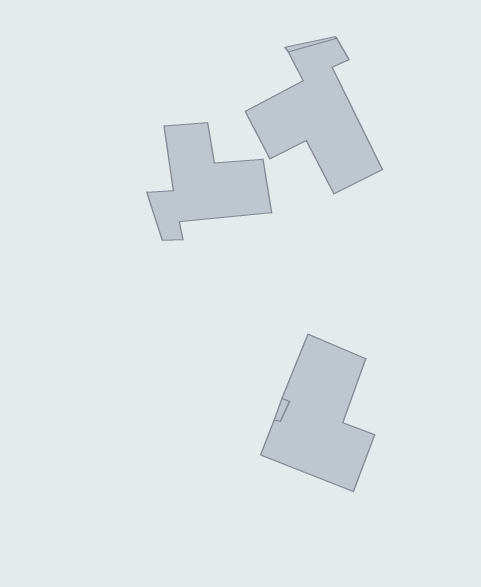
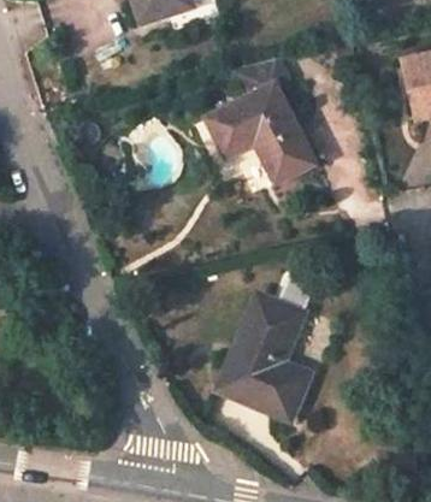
building: [147,123,272,240] -> none

